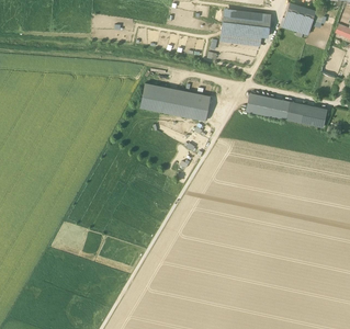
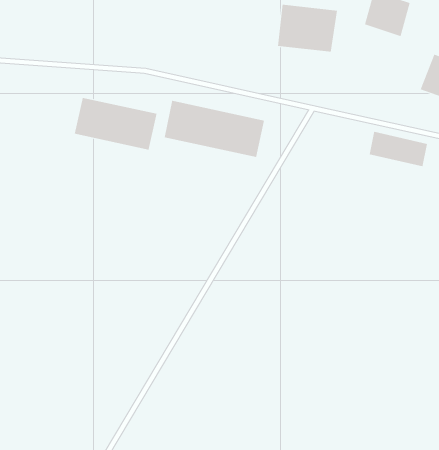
building: none -> [74,97,157,150]
building: [247,93,289,118] -> none

